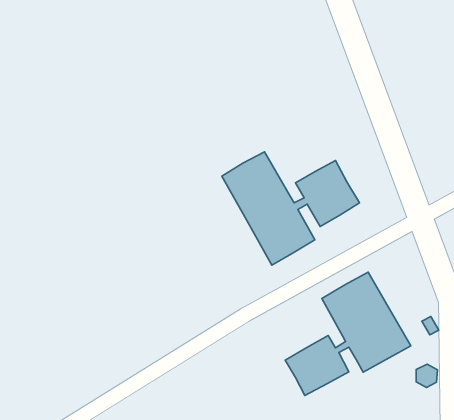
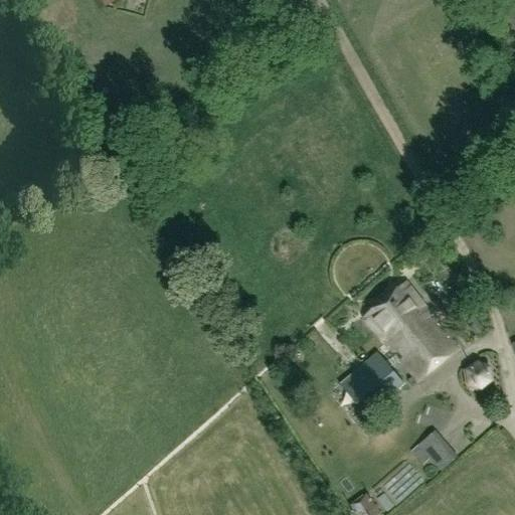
building: [222,152,360,265] -> none

